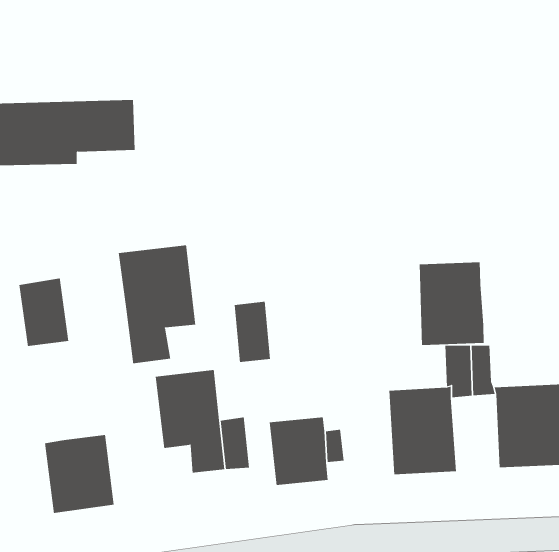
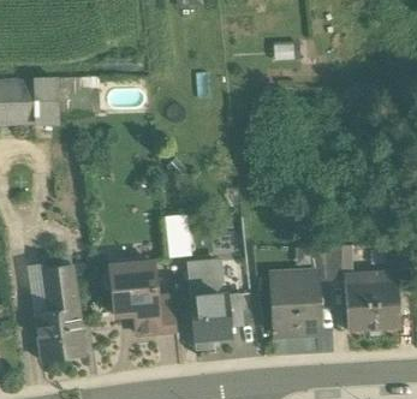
building: [118,245,196,364] -> none
building: [419,262,484,346] -> none
building: [18,278,69,346] -> [43,264,78,311]
building: none -> [187,262,220,299]

